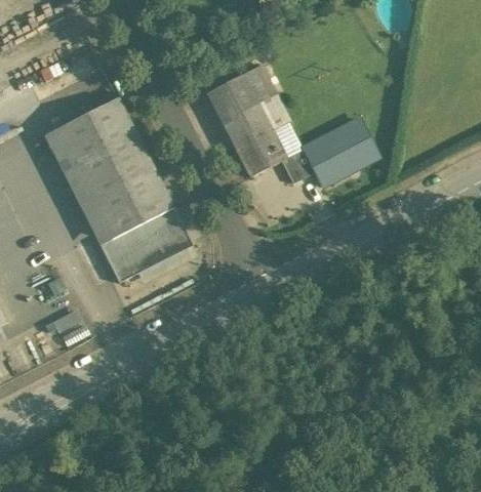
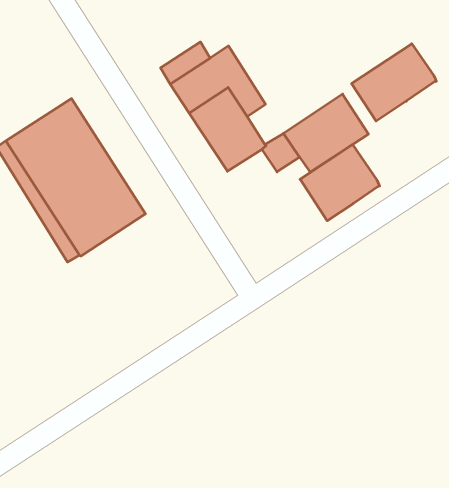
building: none -> [352,44,436,121]
building: none -> [300,145,380,221]
building: [98,208,192,283] -> none

